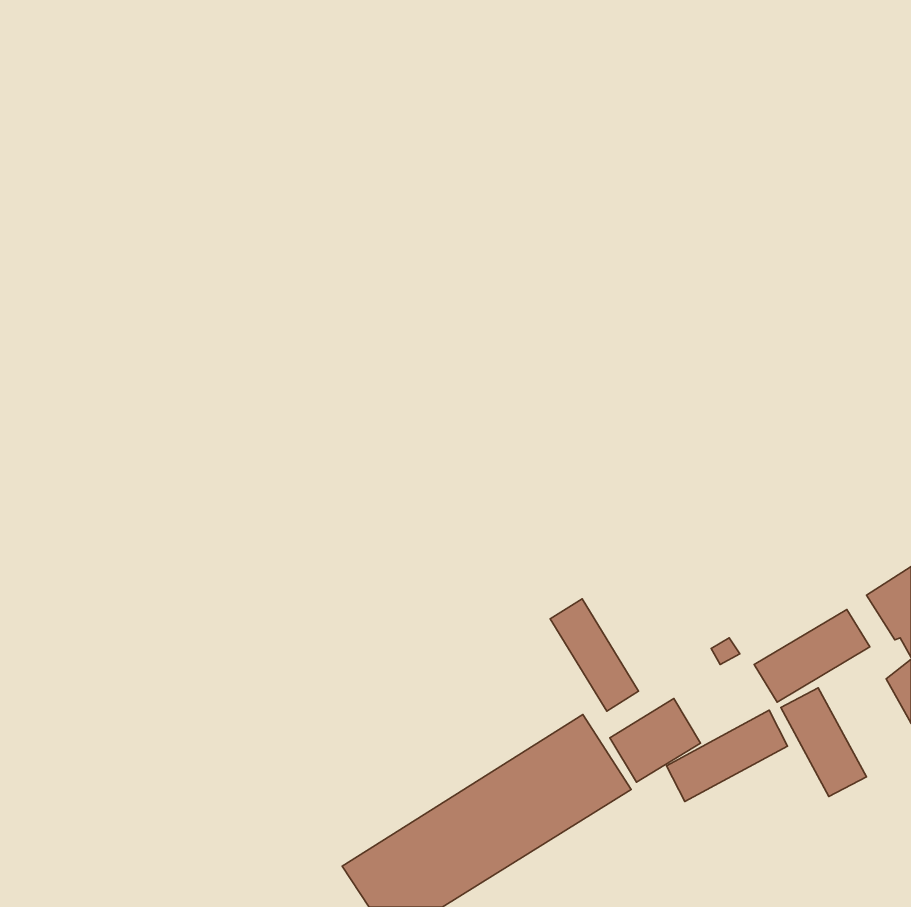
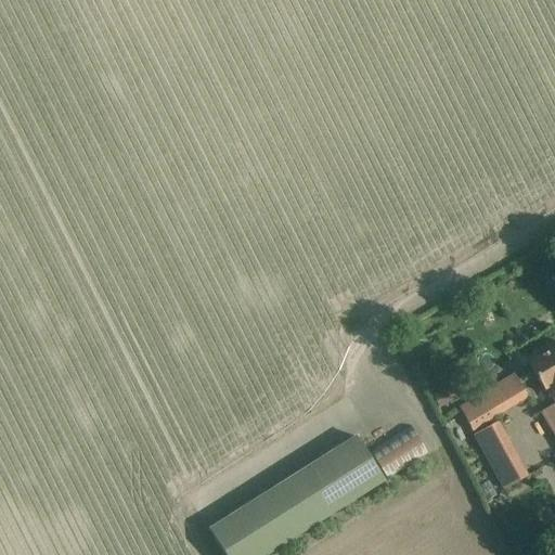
building: [550,599,639,711] -> none
building: [666,710,788,802] -> none

